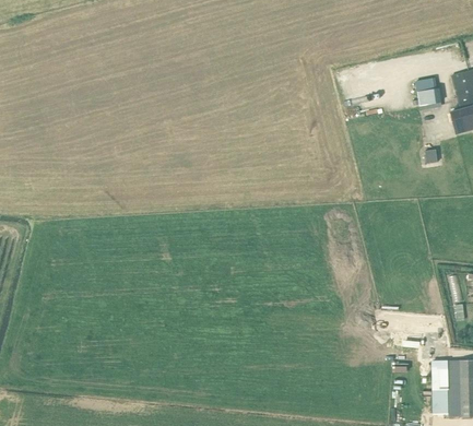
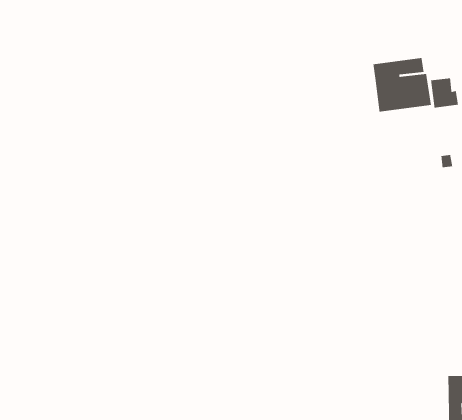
building: none -> [372,57,432,113]

